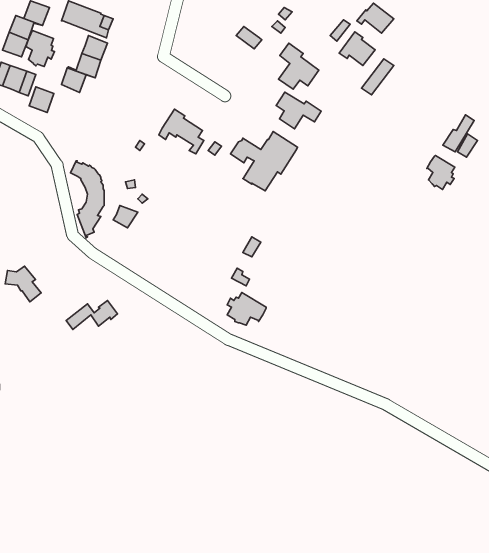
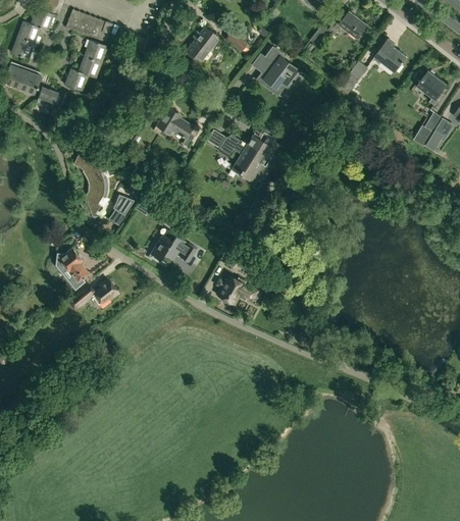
building: none -> [187,27,219,62]
building: [26,31,55,67] -> none
building: [339,32,375,65] -> [373,40,406,70]
building: none -> [417,70,447,105]
building: [276,92,321,129] -> none
building: [427,156,455,189] -> none
building: none -> [150,235,197,262]
building: [5,266,41,302] -> [55,249,88,281]

